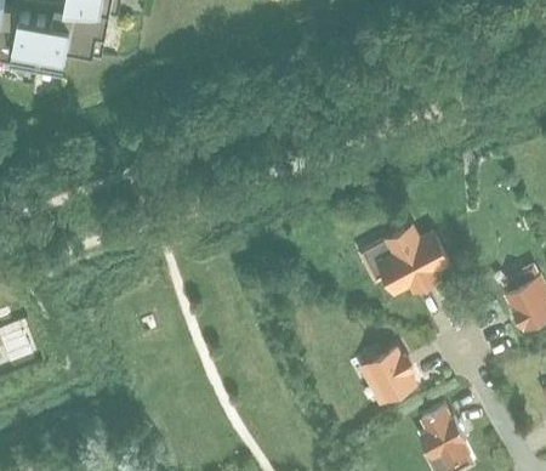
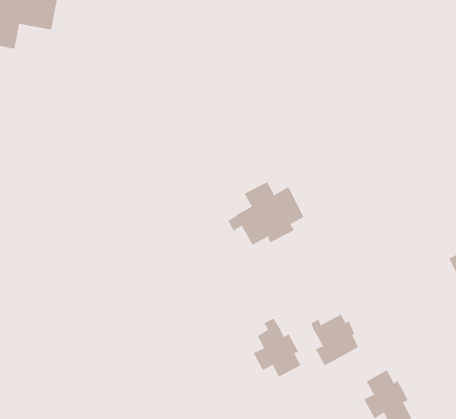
building: [369,226,448,291] -> [227,182,304,245]
building: none -> [253,317,301,377]

